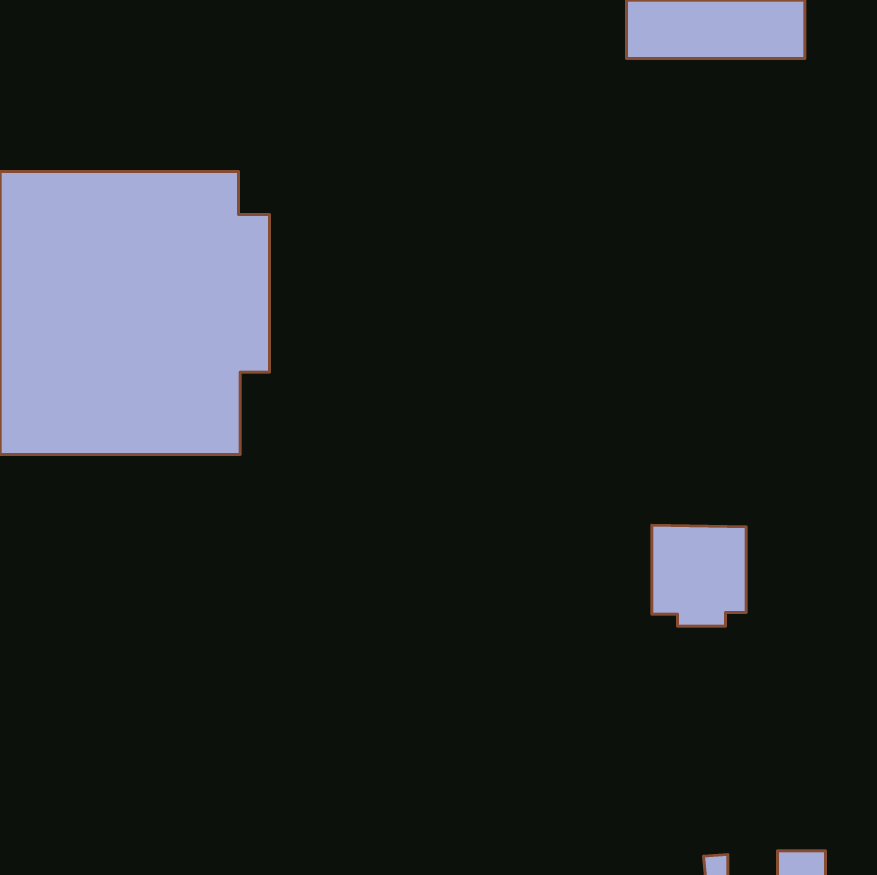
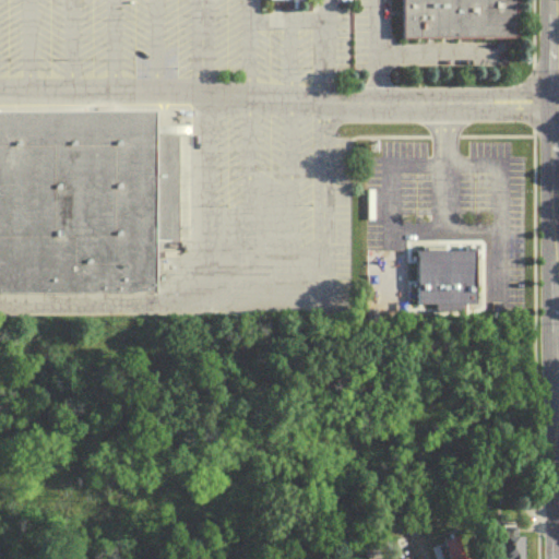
building: [652,525,746,626] -> [411,247,471,311]

